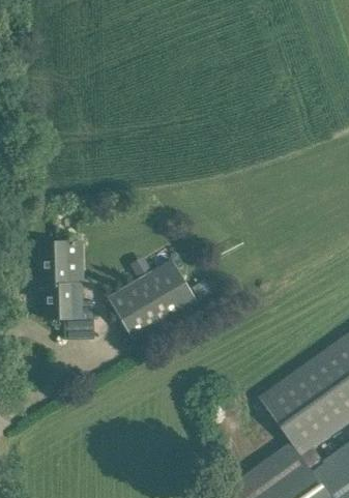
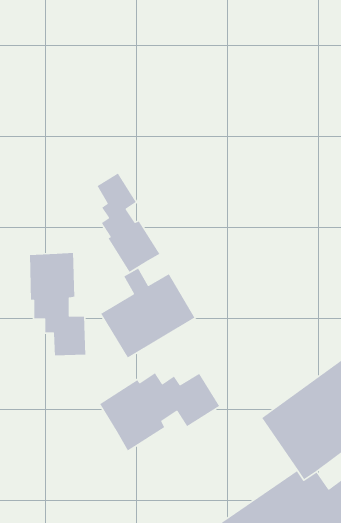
building: none -> [97,172,160,273]
building: none -> [99,372,220,451]

